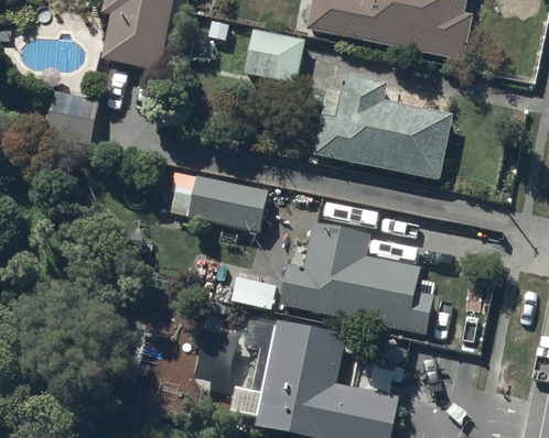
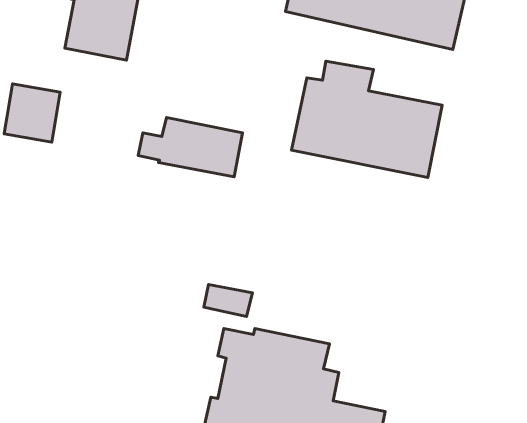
building: [244,28,304,84] -> none
building: [169,175,266,230] -> [138,117,243,177]
building: [279,222,433,333] -> none

